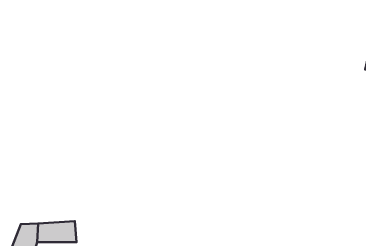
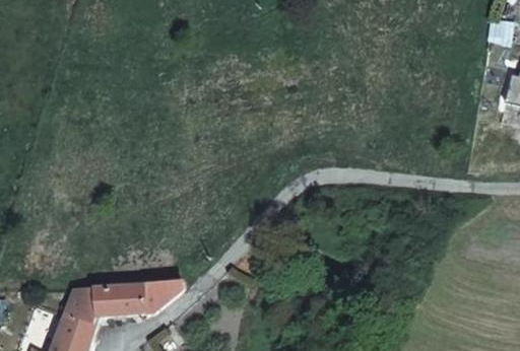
building: none -> [141,281,184,312]

